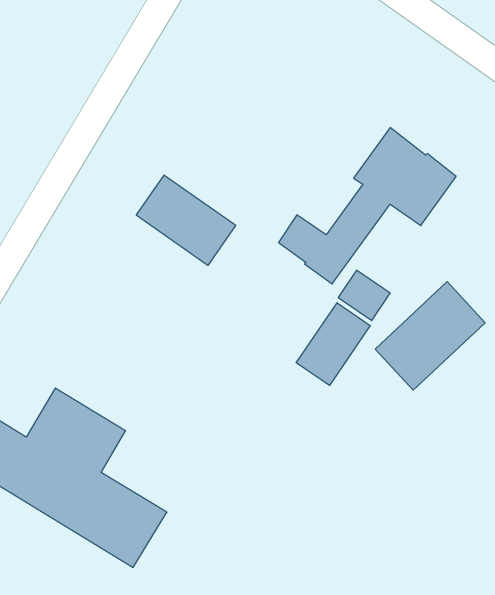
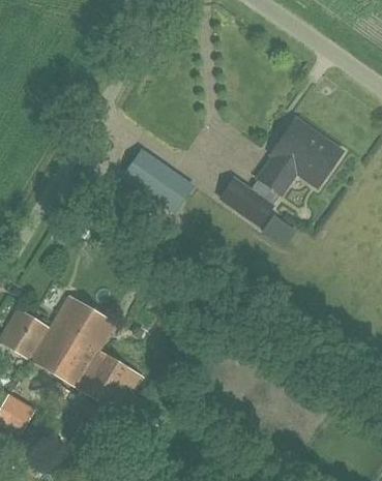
building: [375,282,485,390] -> none
building: [296,303,370,386] -> none

